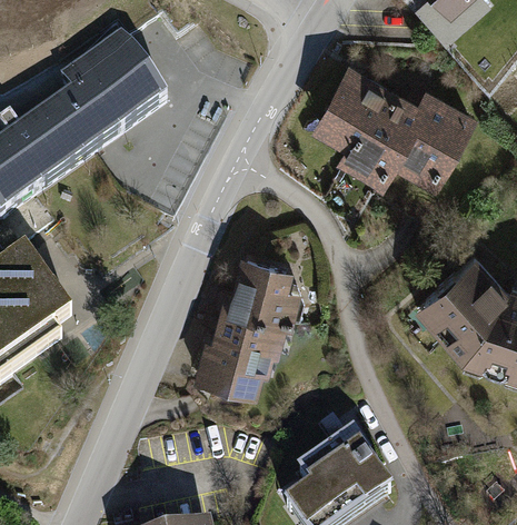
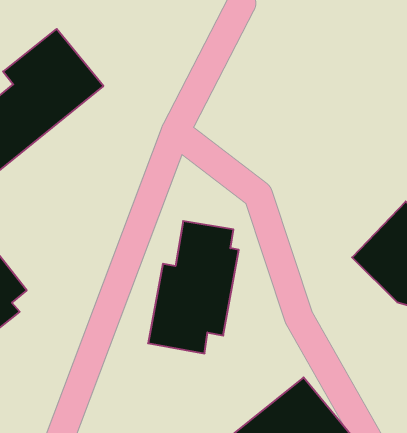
building: [308,61,476,198] -> none

